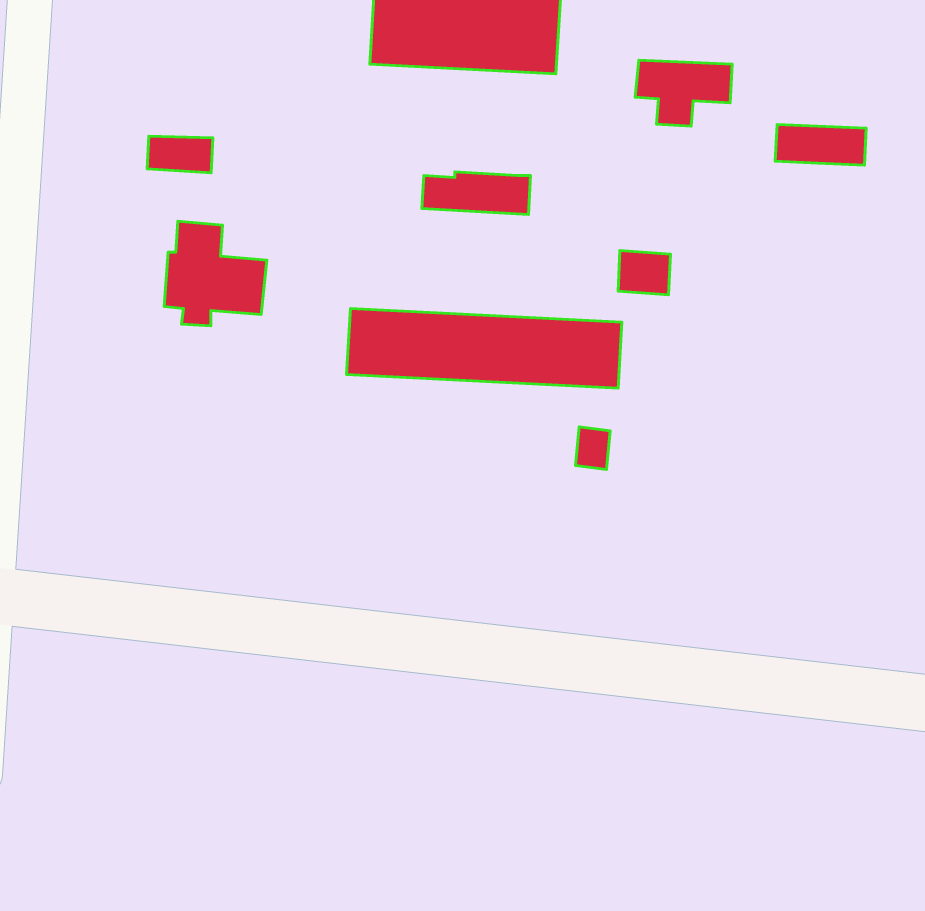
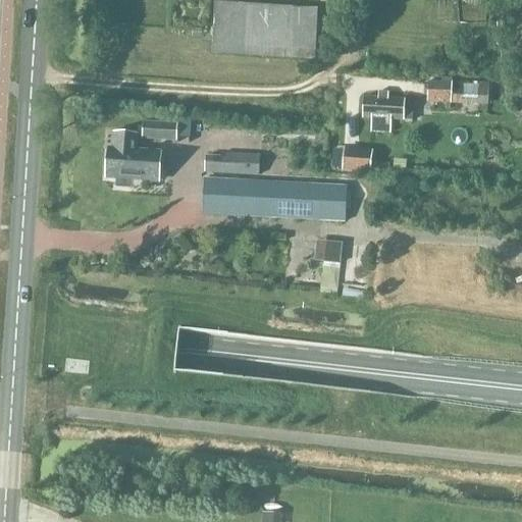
building: [635,60,732,126] -> [362,96,413,130]
building: [147,136,213,173] -> [141,121,175,141]
building: [422,172,531,214] -> [203,152,260,174]

